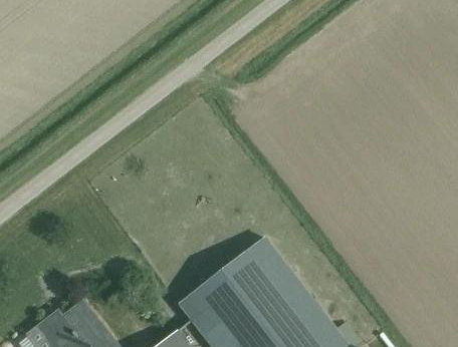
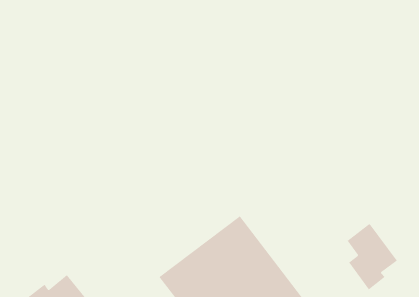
building: none -> [347,222,399,291]

